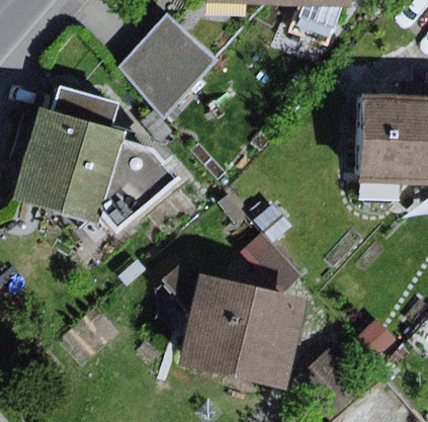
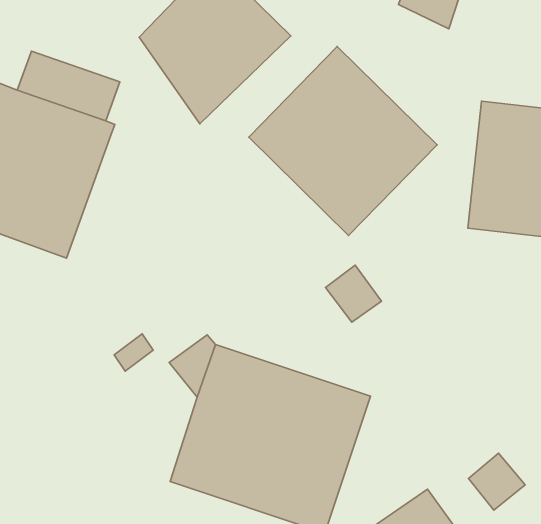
building: none -> [249,46,437,235]
building: [90,137,166,230] -> none

